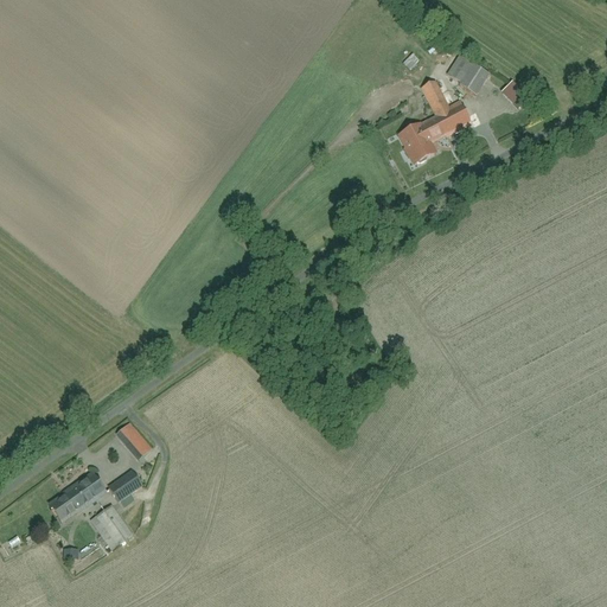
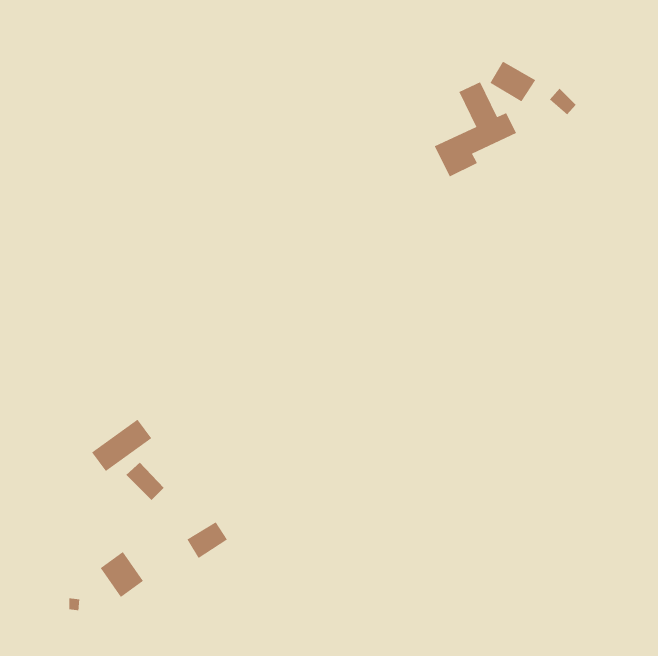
building: [108,471,146,505] -> [186,521,228,559]
building: [47,473,103,522] -> [91,419,152,472]

